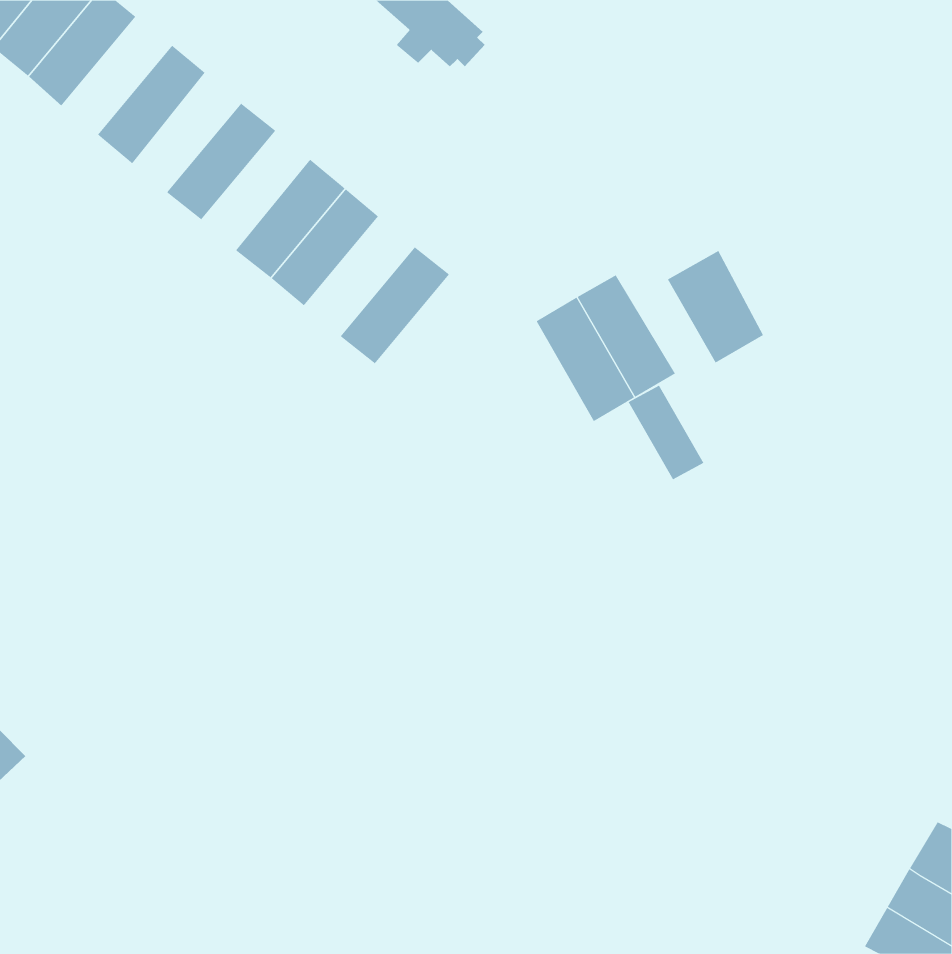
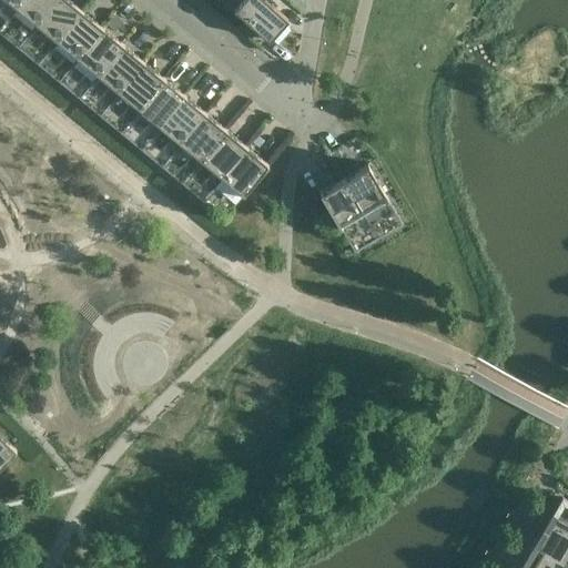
building: none -> [37,10,102,80]
building: none -> [79,43,143,114]
building: none -> [120,78,184,149]
building: none -> [181,129,246,200]
building: [667,250,764,363] -> none
building: [628,385,704,480] -> none

